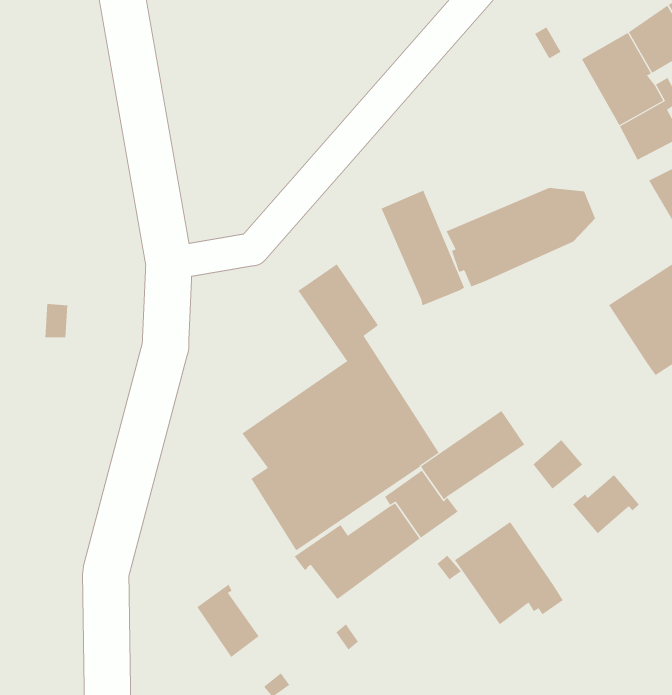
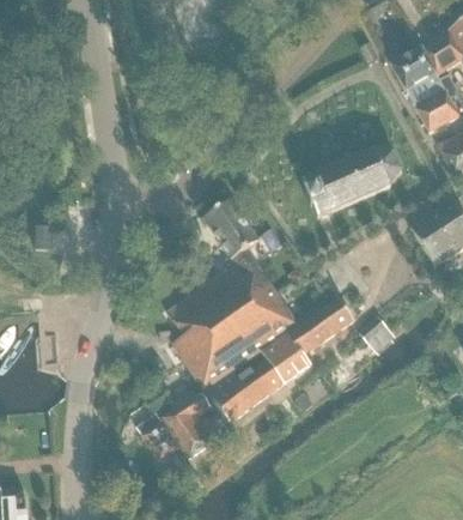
building: [381,190,465,306] -> none
building: [572,474,640,534] -> none
building: [454,521,564,625] -> none
building: none -> [160,389,214,458]

